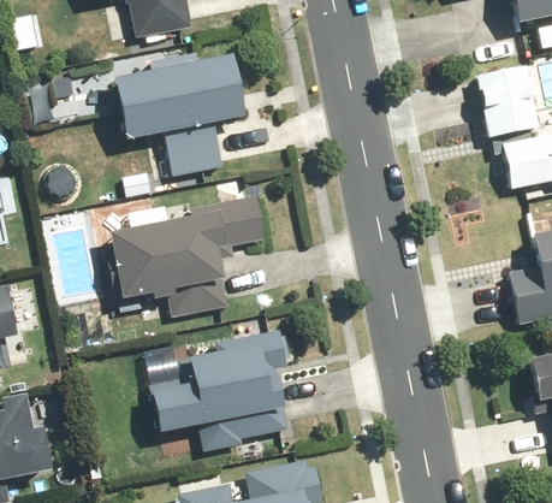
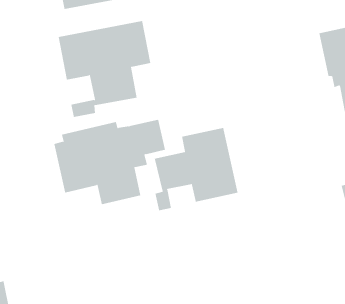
building: none -> [154,127,238,211]
building: [144,327,291,446] -> none

